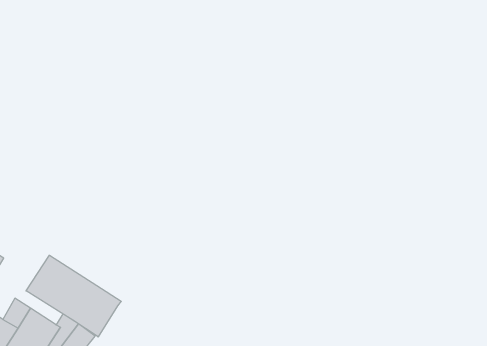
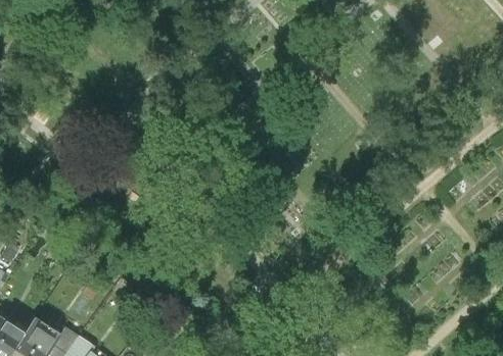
building: [26,255,121,337] -> none

